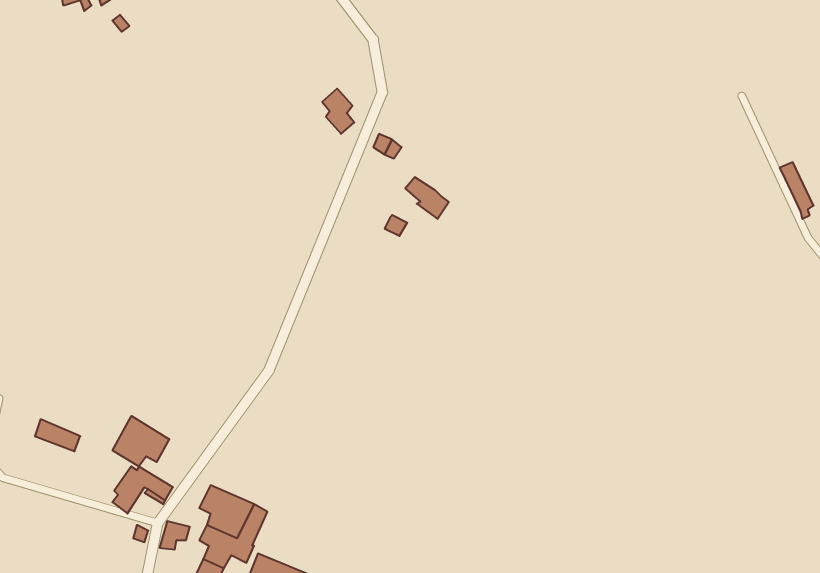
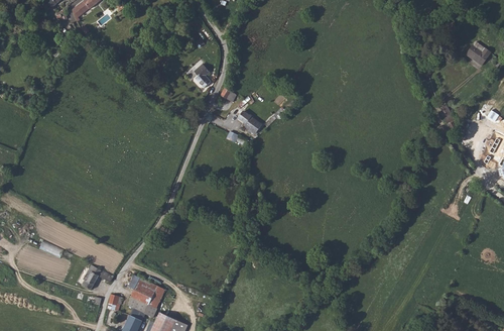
building: [113,416,169,466] -> none

